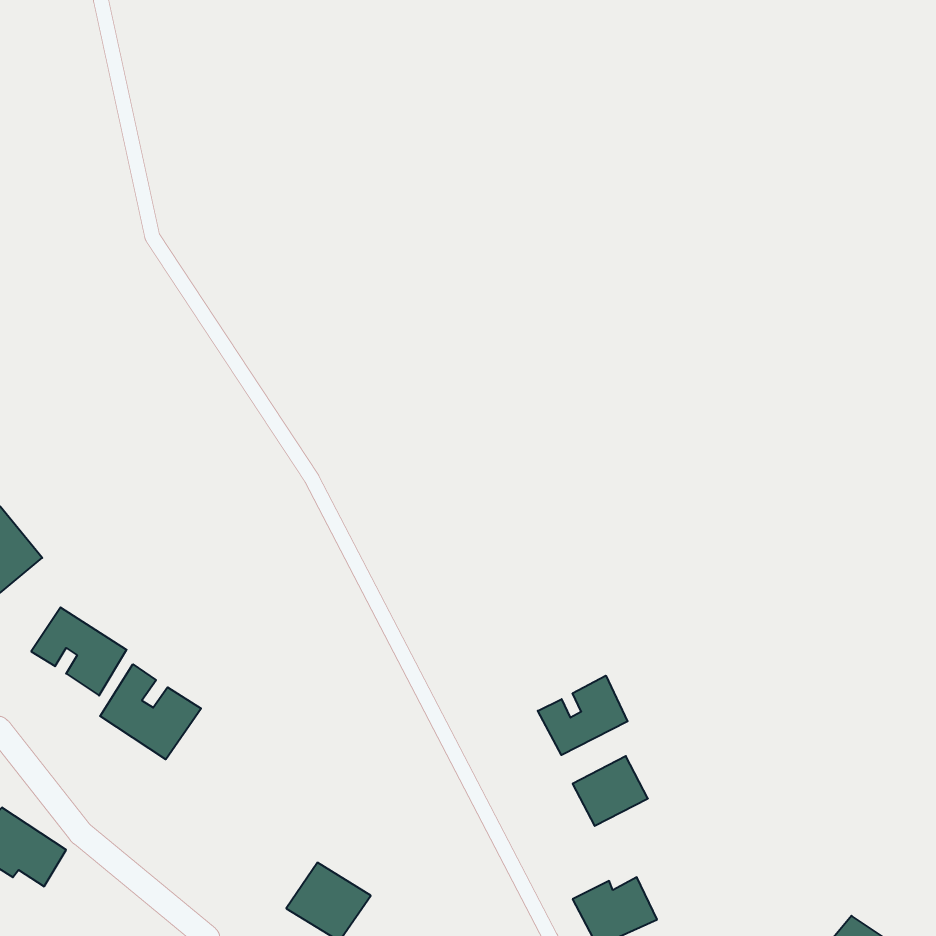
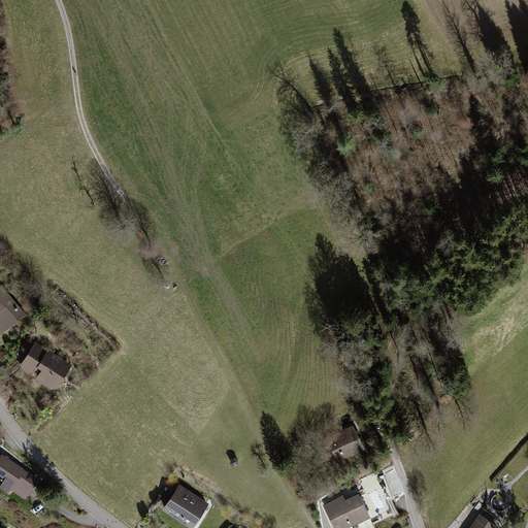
building: [100,664,201,759] -> none
building: [538,676,628,755] -> none

